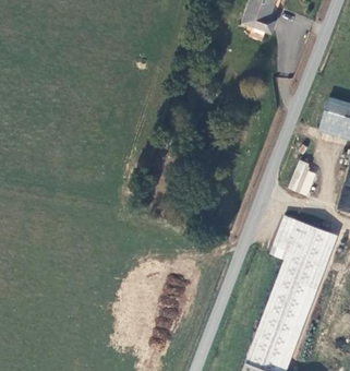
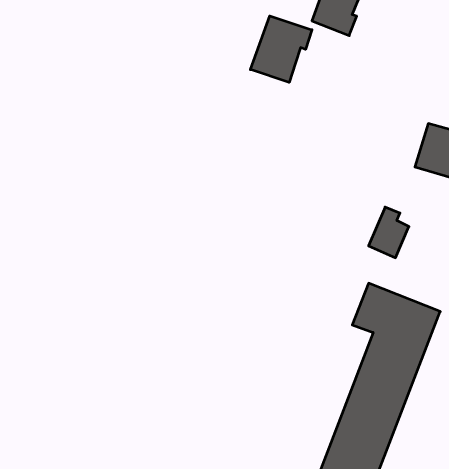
building: none -> [250,16,312,82]

